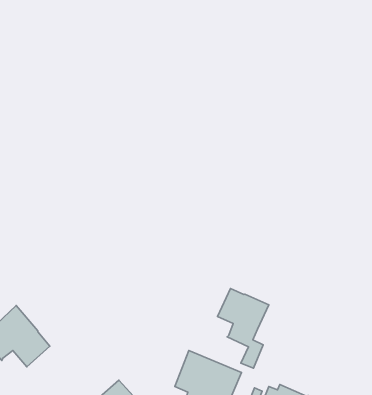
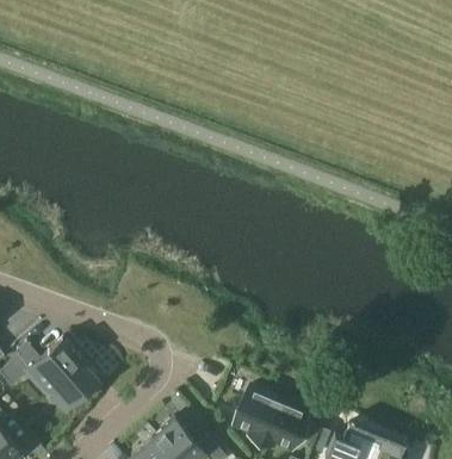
building: [218,289,269,368] -> none

